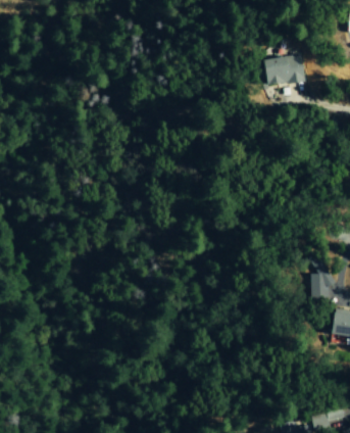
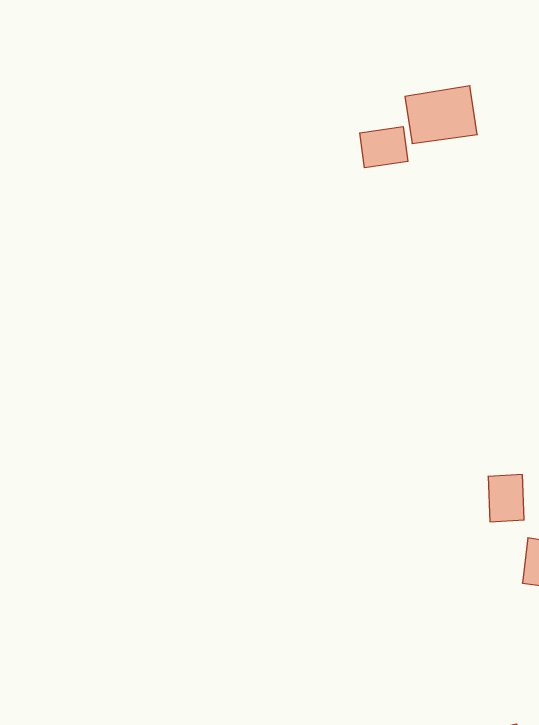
building: none -> [360,127,408,168]

